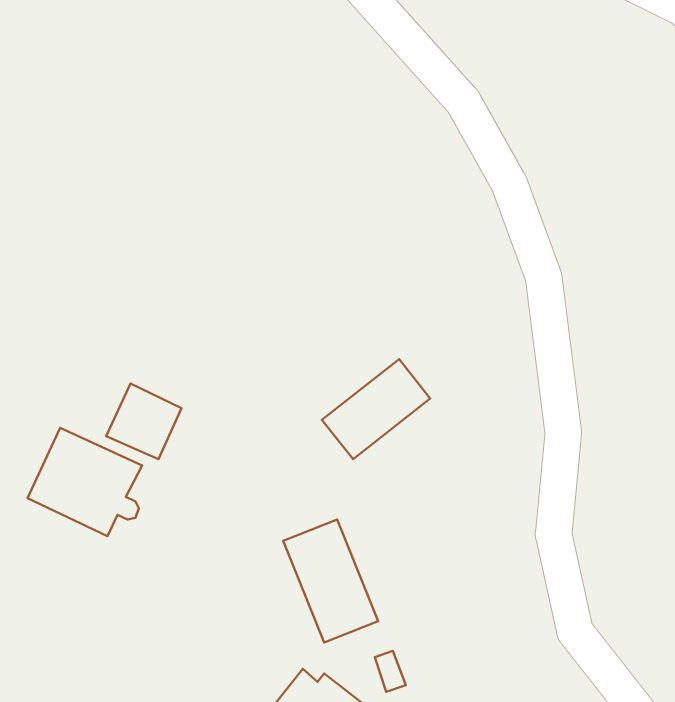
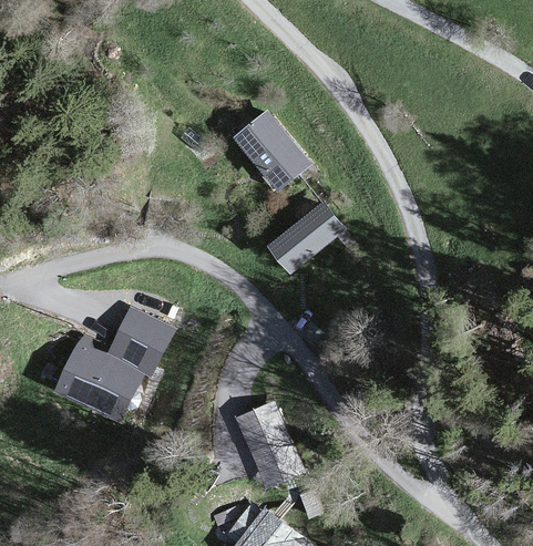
building: none -> [237,112,311,190]
building: [322,359,430,459] -> [271,203,345,270]

